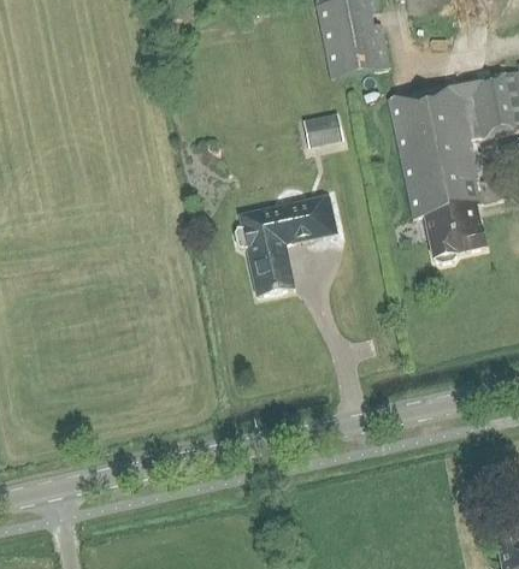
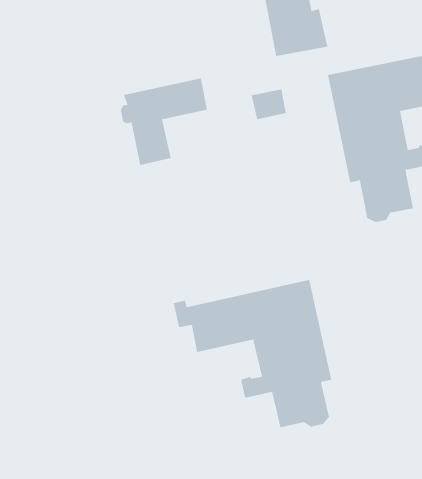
building: [236,197,335,296] -> [120,78,208,165]
building: none -> [173,279,332,428]

